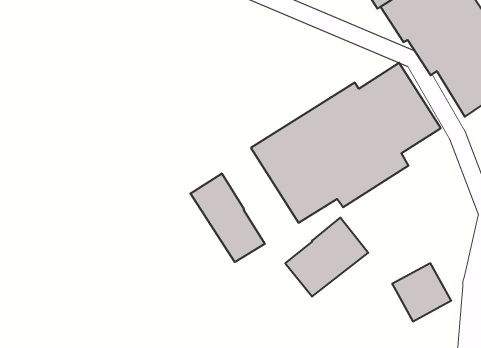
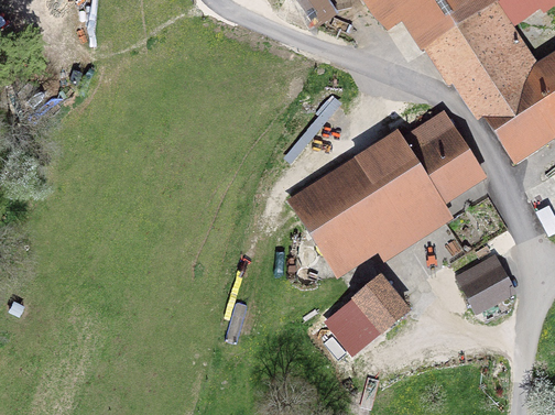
building: [190,173,265,262] -> none
building: [392,263,451,321] -> [455,252,518,314]

